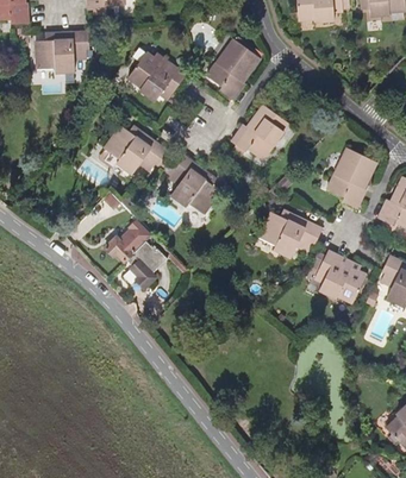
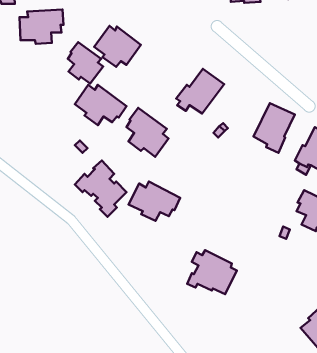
building: [206,38,261,100] -> none
building: none -> [68,42,103,84]
building: [257,209,321,258] -> [129,182,180,221]
building: [305,250,367,304] -> [187,250,237,294]

